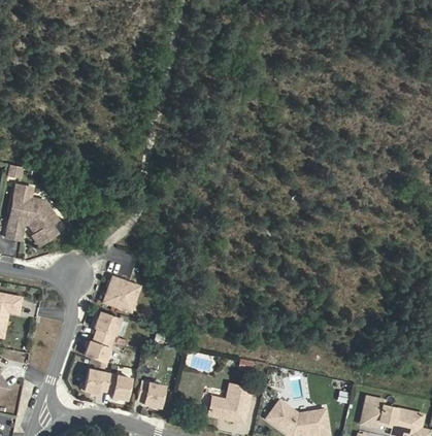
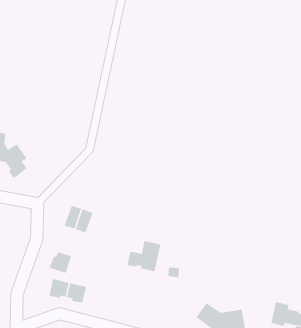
building: [95,312,121,341] -> none
building: [138,381,165,407] -> none
building: [208,383,252,423] -> [126,240,161,272]

